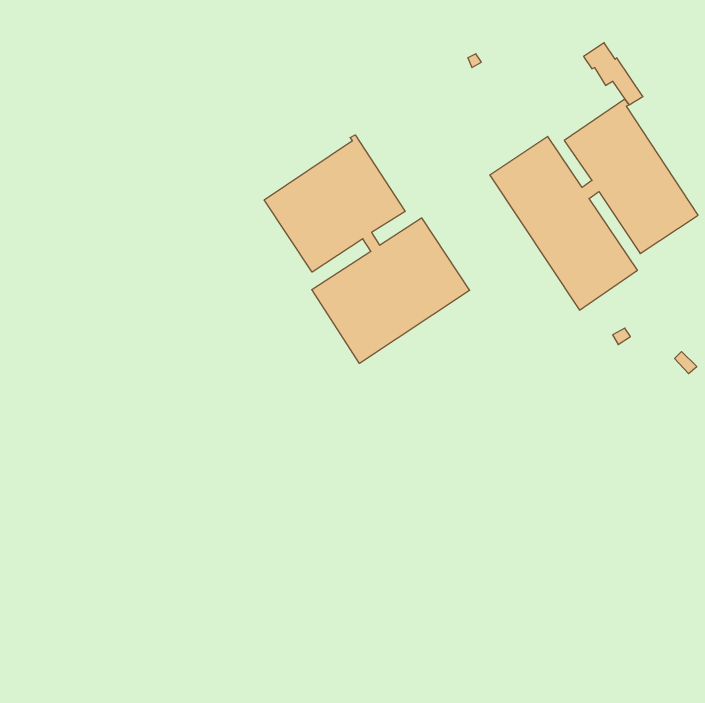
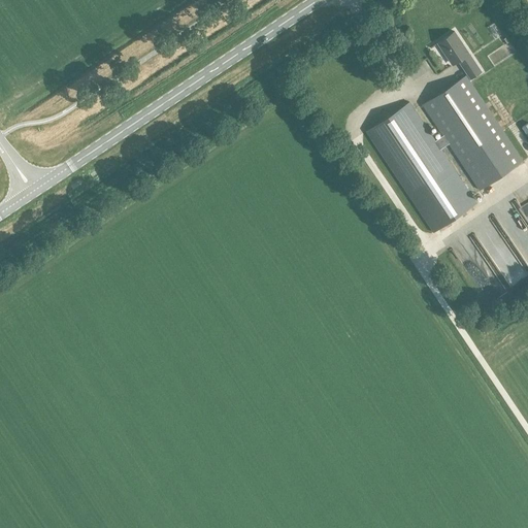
building: [264,135,470,363] -> none

